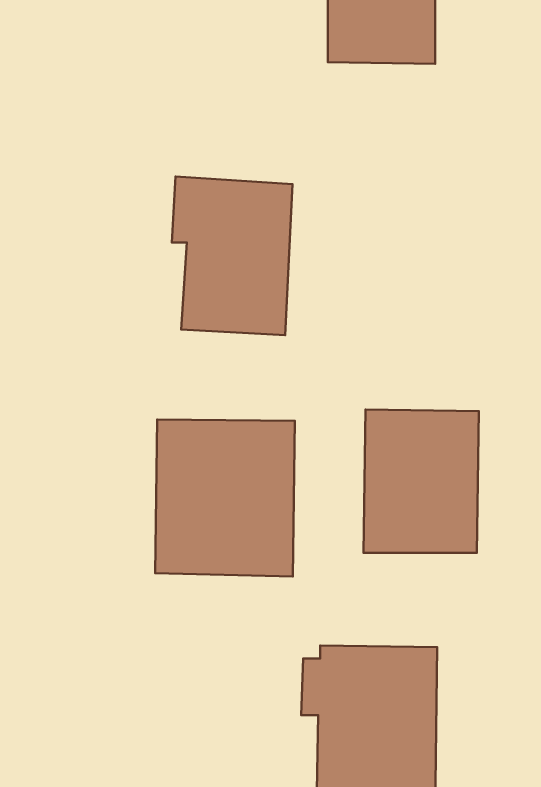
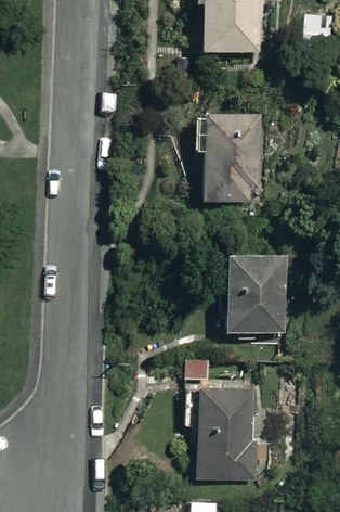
building: [172,176,293,335] -> [196,112,265,203]
building: [155,419,295,577] -> none

